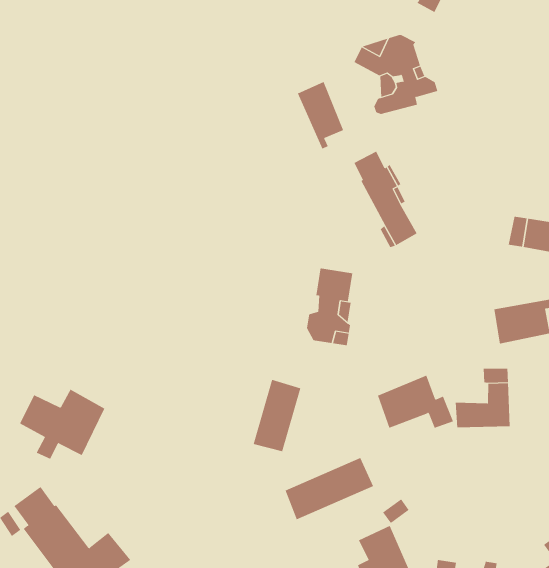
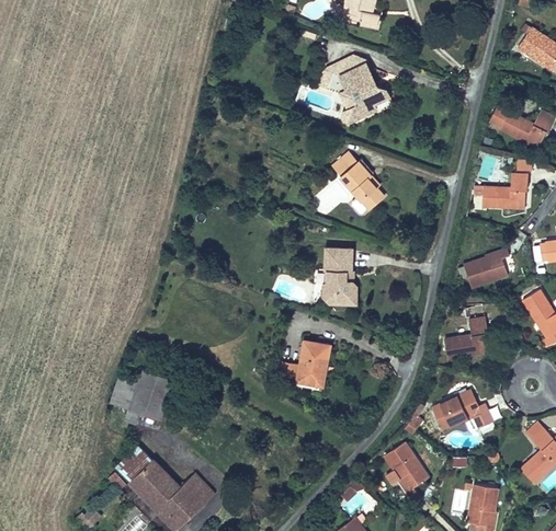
building: [297,81,344,150] -> none
building: [377,375,454,428] -> [434,388,497,434]
building: [285,457,374,520] -> none

